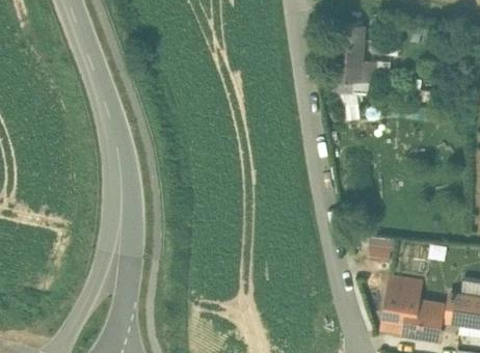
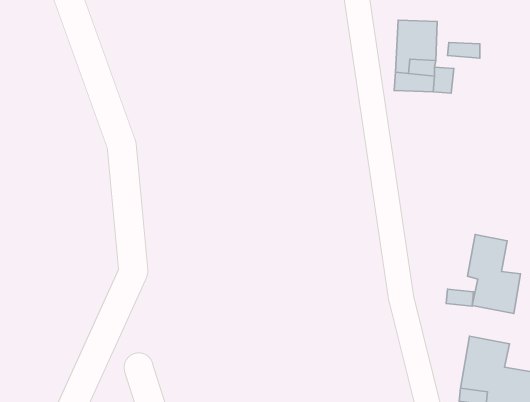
building: none -> [468,234,520,313]

